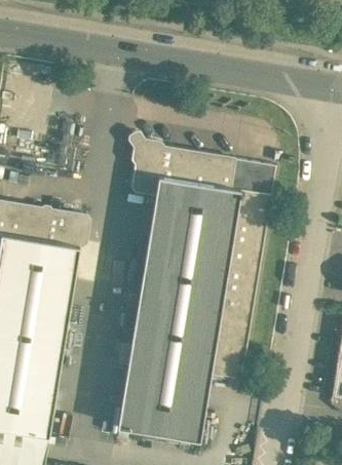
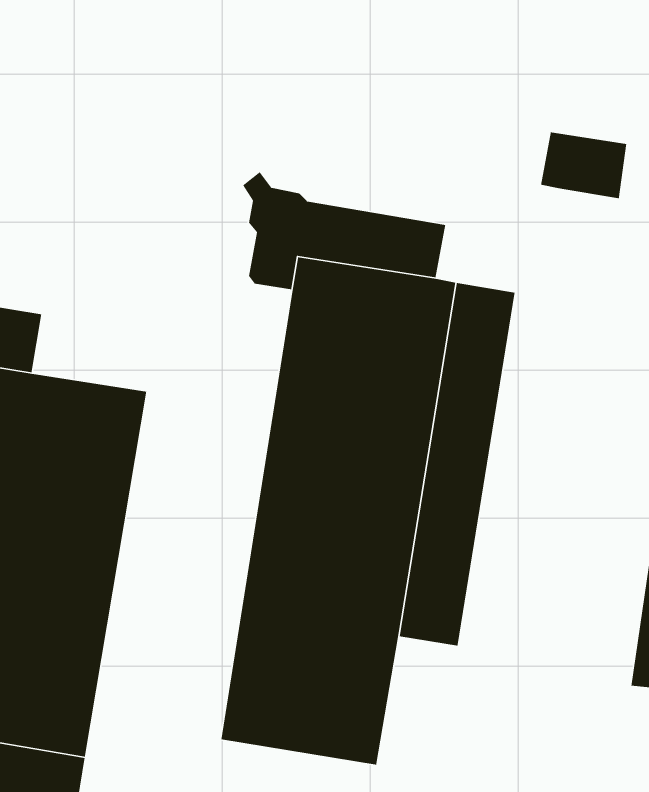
building: [229,158,274,193] -> [540,132,627,199]
building: [20,204,88,244] -> none

